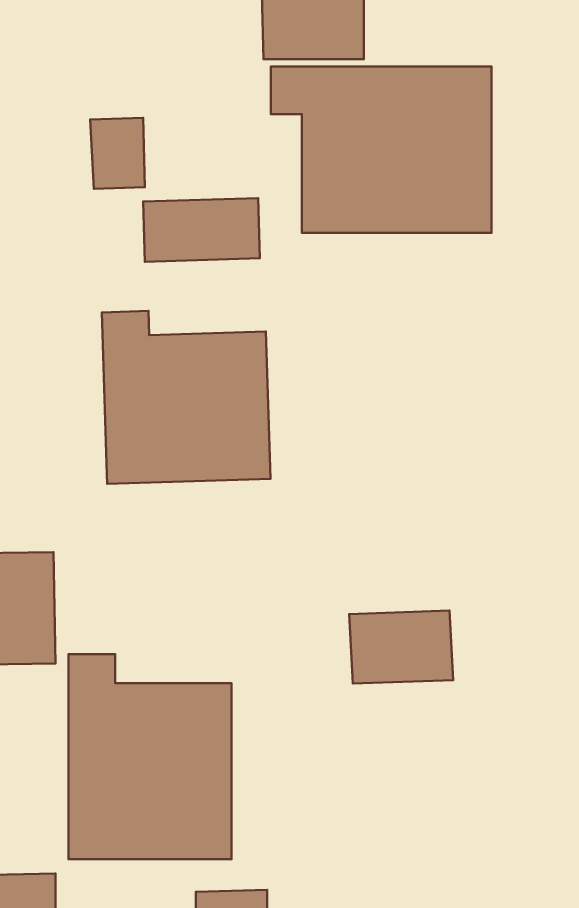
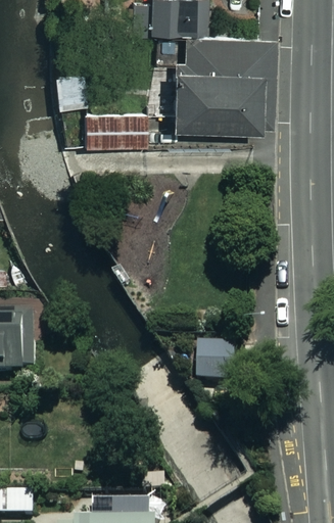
building: [102,311,270,484] -> none
building: [68,654,231,859] -> none

